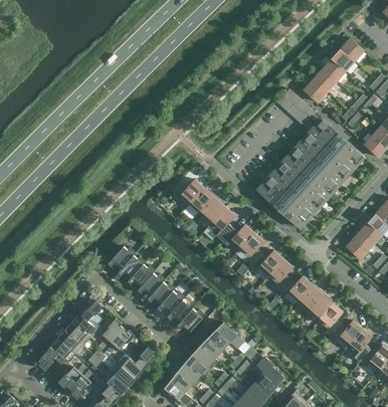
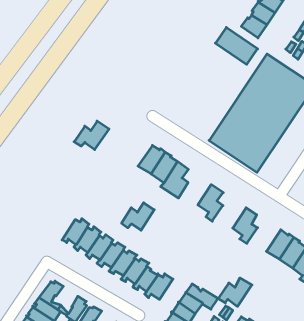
building: [170,179,204,205] -> [74,121,109,150]
building: [221,224,253,249] -> [122,203,154,230]
building: [249,250,282,275] -> none
building: [278,275,312,301] -> [218,278,252,306]

